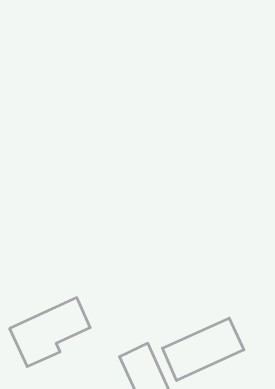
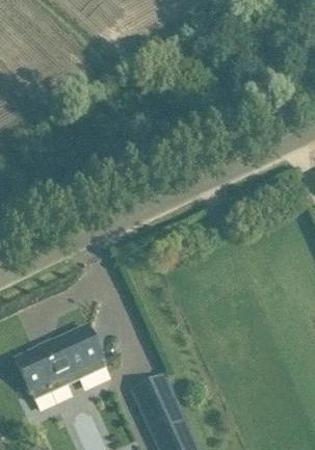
building: [162,318,244,381] -> none

